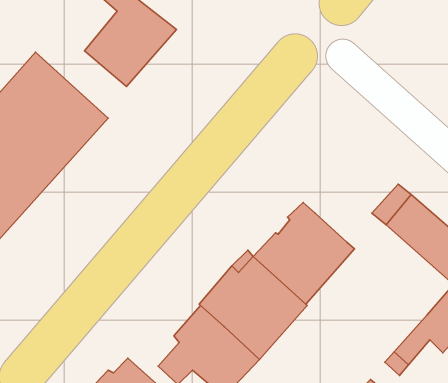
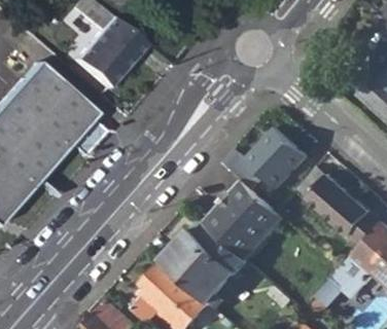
building: none -> [224,129,308,193]

